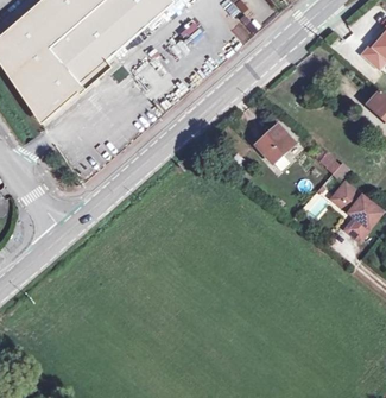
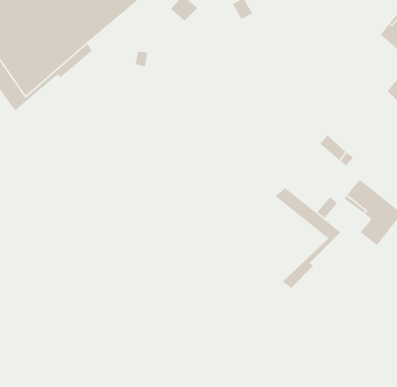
building: [255,125,293,163] -> none
building: none -> [275,187,341,289]

